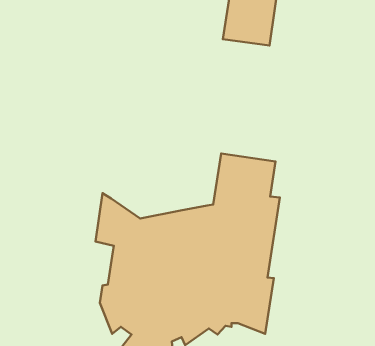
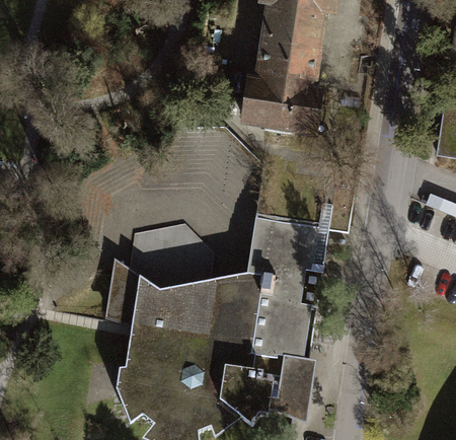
building: none -> [244,80,320,131]

